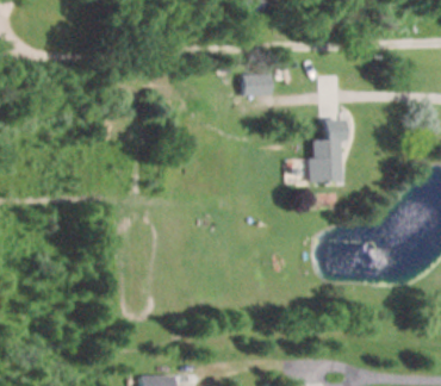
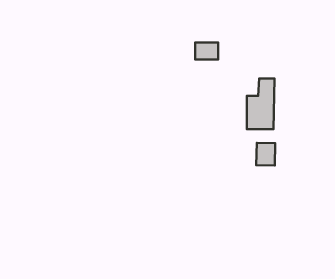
building: none -> [256,143,275,166]

